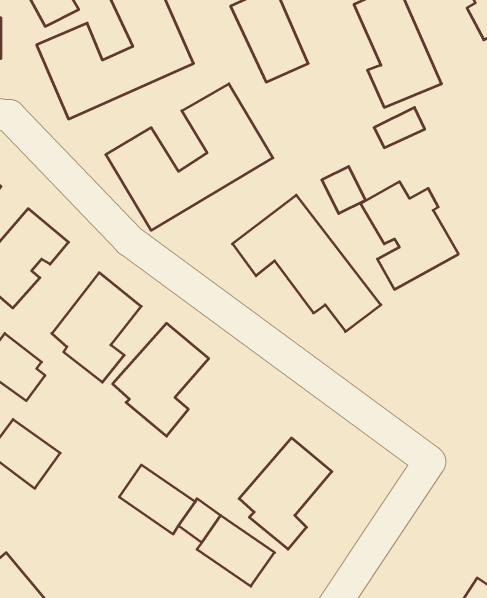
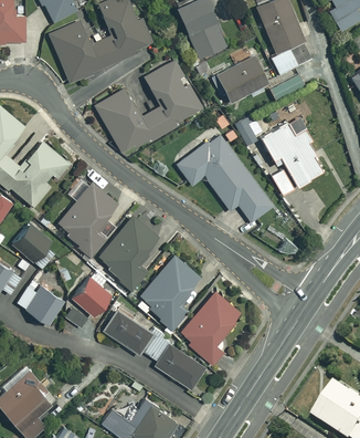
building: none -> [216,55,268,102]
building: none -> [140,255,202,328]
building: none -> [72,278,112,317]

